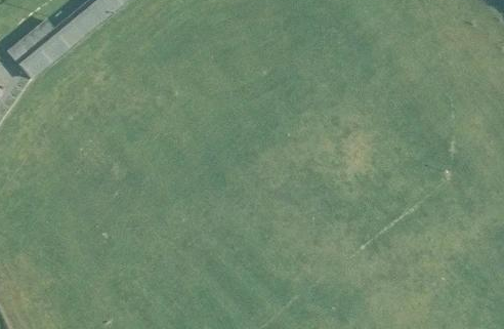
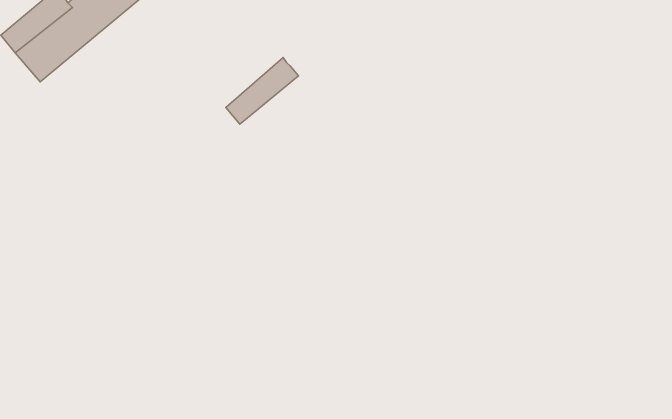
building: none -> [226,57,298,124]

